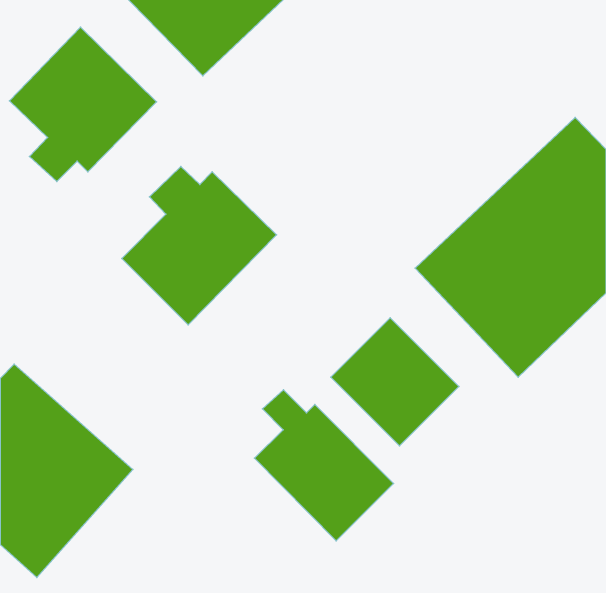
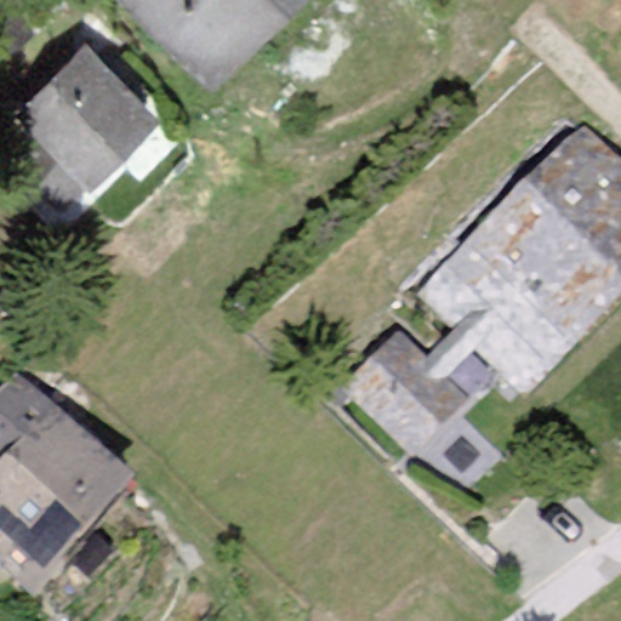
building: [122,166,276,325] -> none
building: [254,390,394,541] -> none

